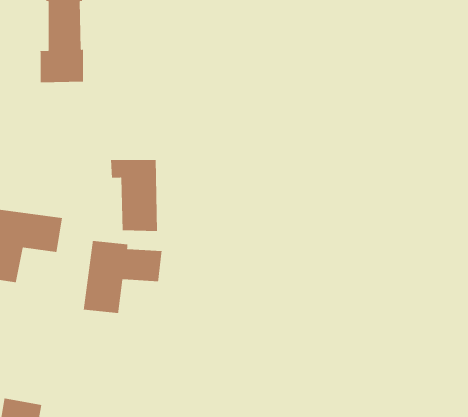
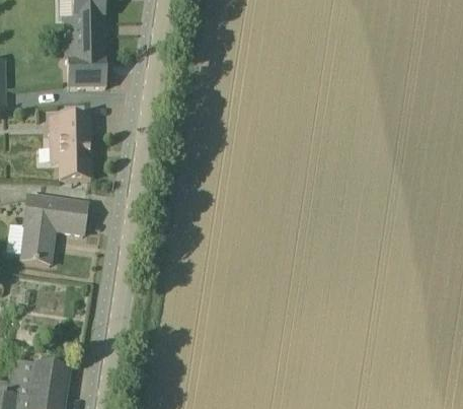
building: [110,160,158,232] -> [49,115,90,178]
building: [83,240,162,314] -> none

